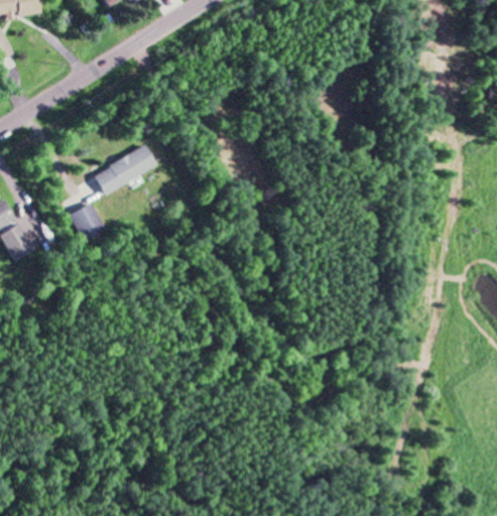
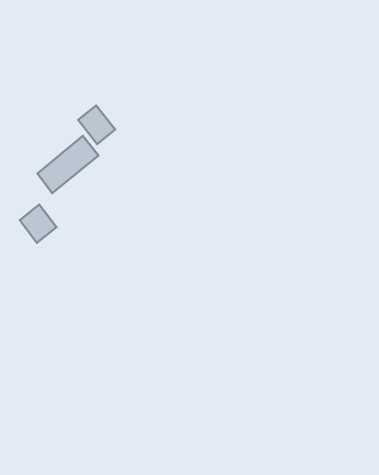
building: none -> [78,105,115,144]

